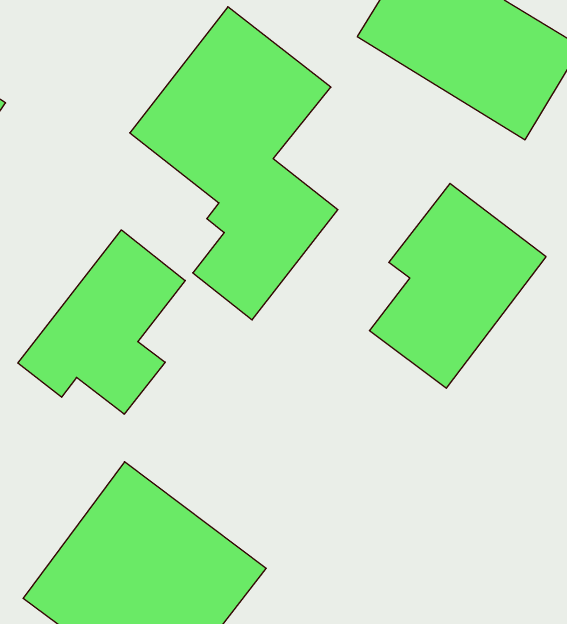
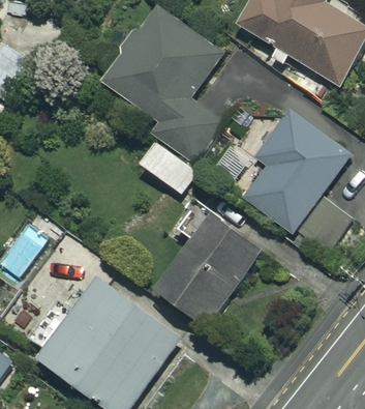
building: [18,230,185,414] -> none
building: none -> [156,200,262,324]

